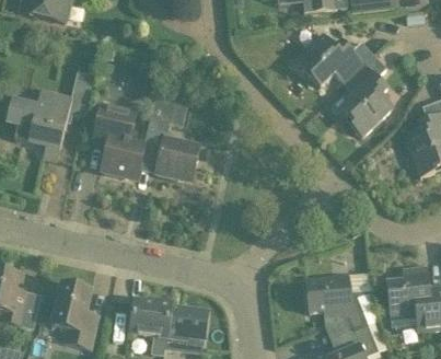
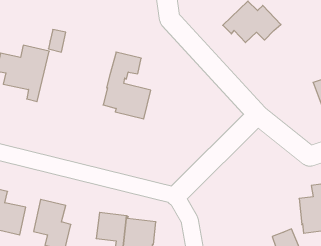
building: [339,53,392,136] -> none
building: [93,103,144,178] -> none
building: [304,275,367,331] -> none

